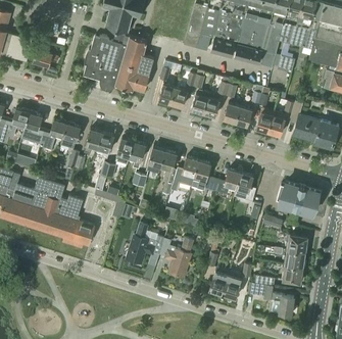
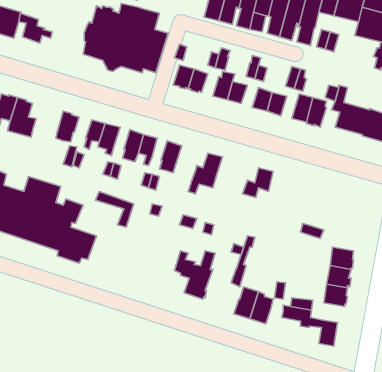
building: [40,120,67,149] -> none
building: [160,152,177,195] -> none
building: [191,161,219,192] -> none
building: [234,174,255,203] -> none
building: [277,184,320,214] -> none
building: [126,224,164,265] -> none

